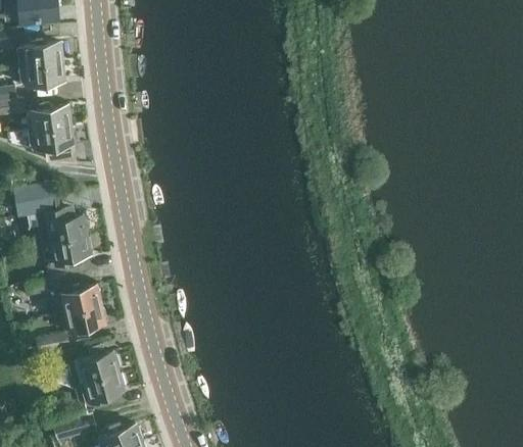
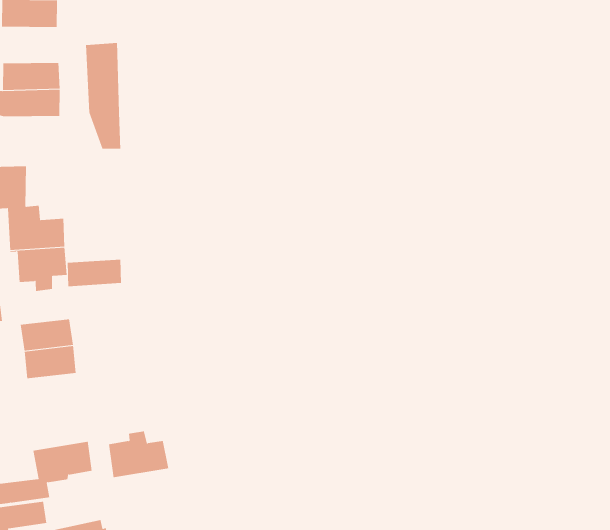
building: none -> [86,42,121,149]
building: none -> [67,259,121,287]
building: [75,347,120,383] -> [108,431,169,478]

